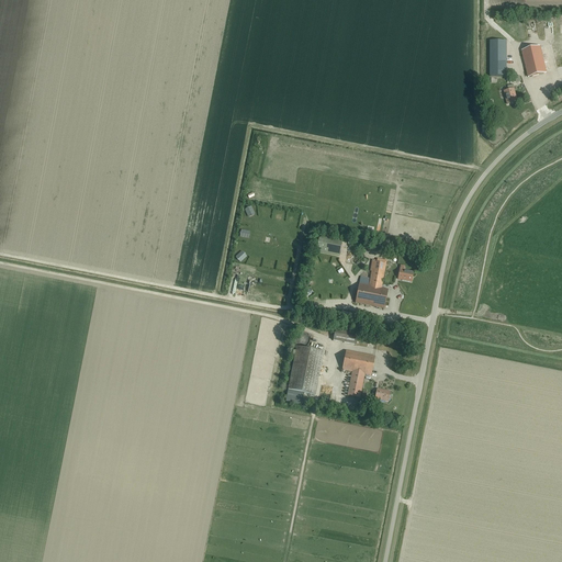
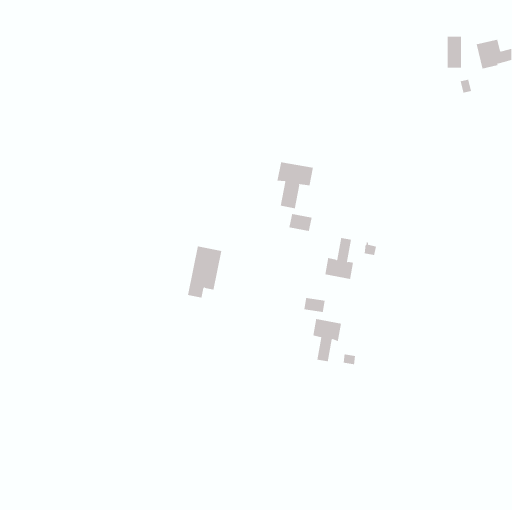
building: none -> [277,162,314,209]
building: [285,345,324,402] -> [187,246,222,298]

